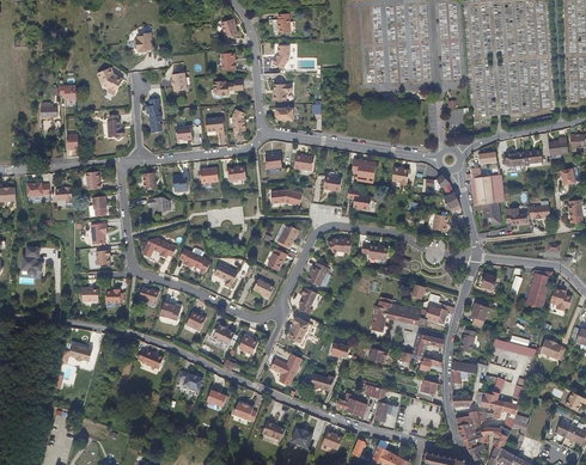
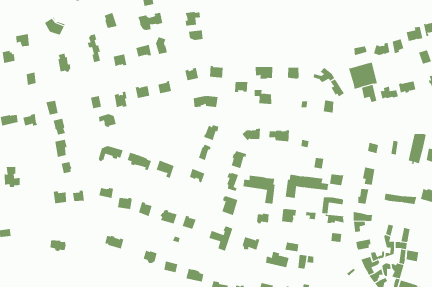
building: none -> [243,175,275,205]

